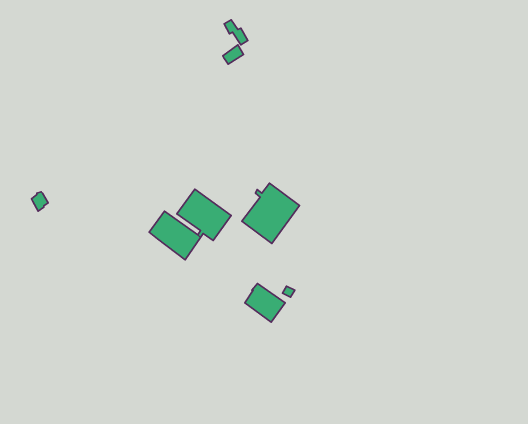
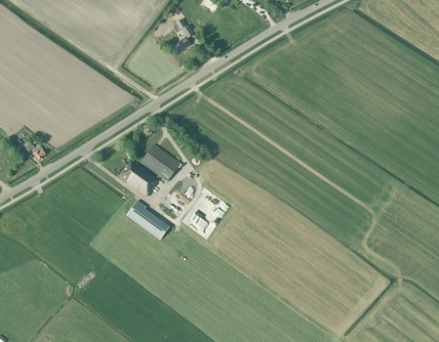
building: [242,183,300,243] -> none
building: none -> [125,200,168,239]

